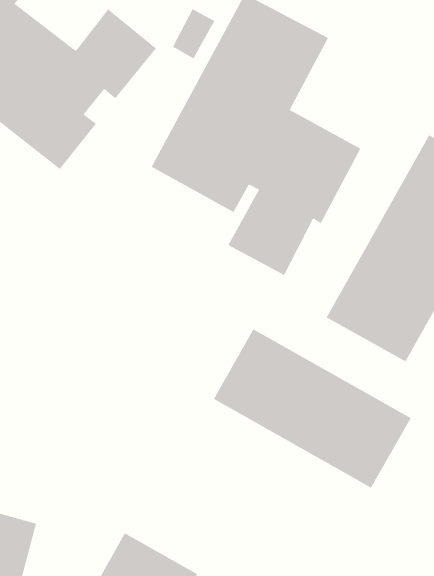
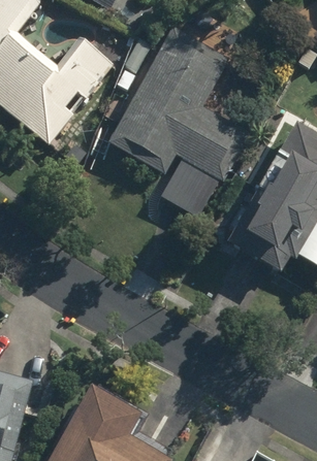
building: [213,329,411,488] -> none

